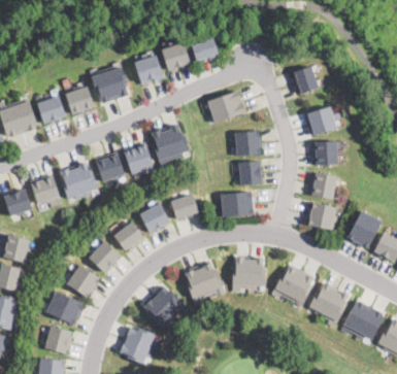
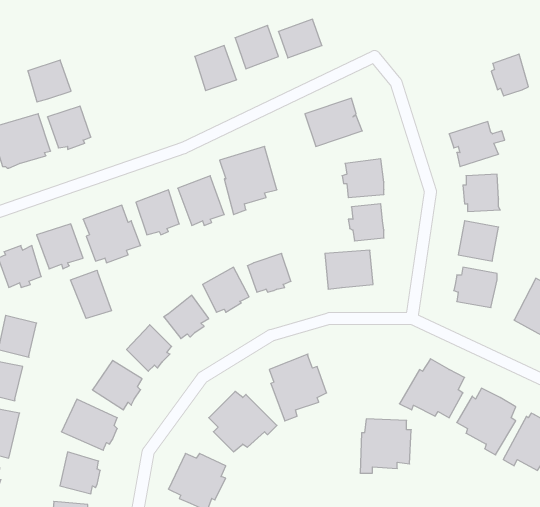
building: [92,66,130,104] -> none
building: [293,66,318,94] -> [491,54,528,96]
building: [66,87,95,114] -> [28,60,71,102]
building: none -> [71,270,112,318]
building: [232,257,266,293] -> [360,419,411,473]

